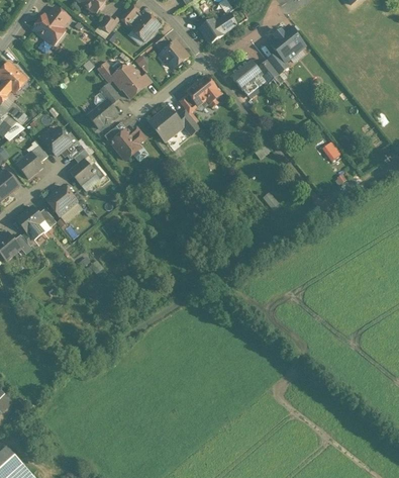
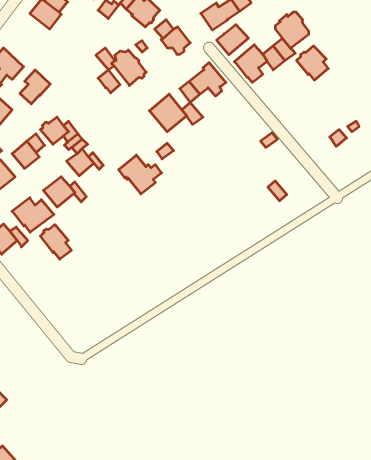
building: none -> [217,25,248,55]
building: none -> [297,46,328,80]
building: none -> [20,70,50,104]
building: [88,100,117,128] -> none
building: [104,121,145,159] -> [119,155,162,194]
building: none -> [40,225,71,259]

